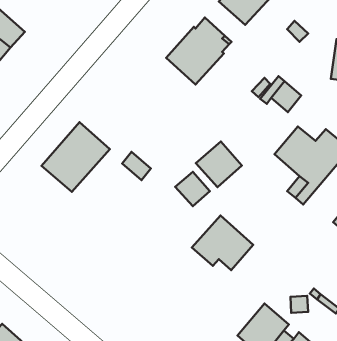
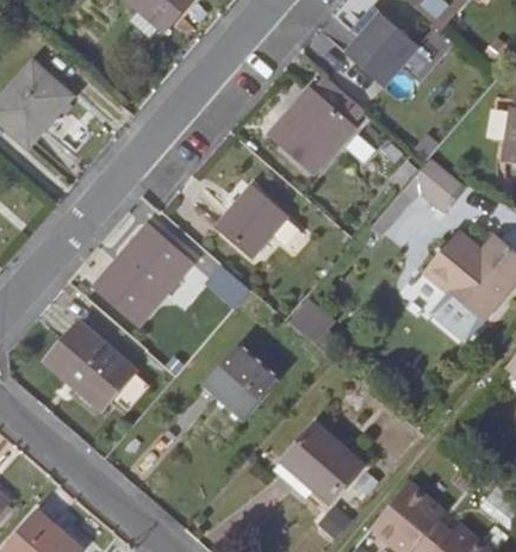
building: none -> [217,187,285,256]
building: [196,142,242,187] -> none
building: none -> [45,324,132,409]
building: none -> [201,345,278,421]
building: [192,216,253,270] -> [274,424,361,502]

